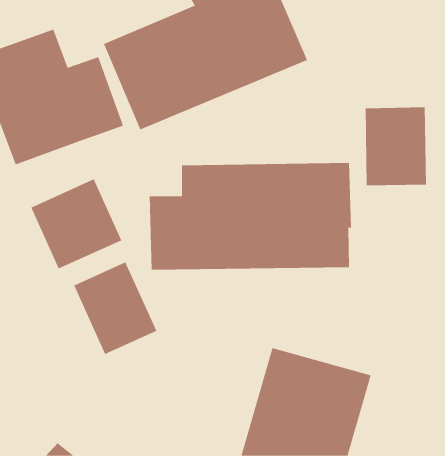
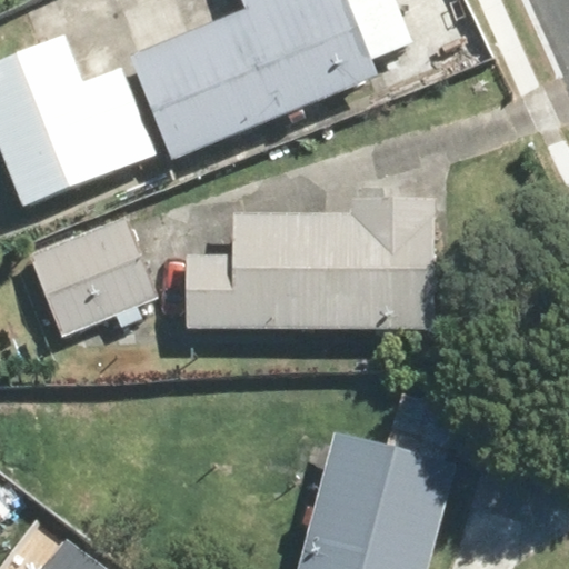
building: [365,107,426,186] -> none
building: [73,261,157,355] -> none

